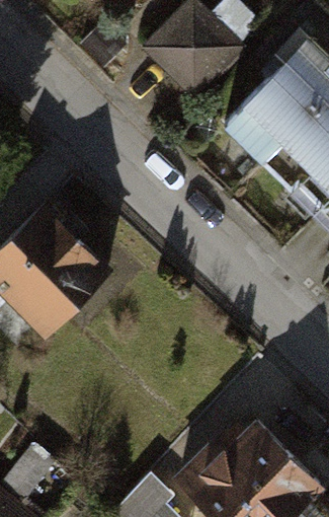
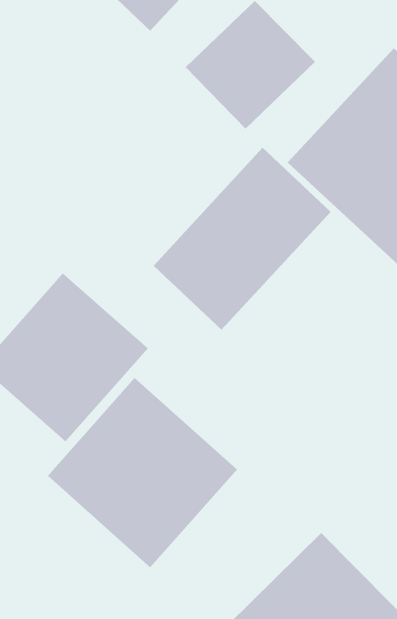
building: none -> [153,147,331,331]
building: none -> [47,377,238,568]

